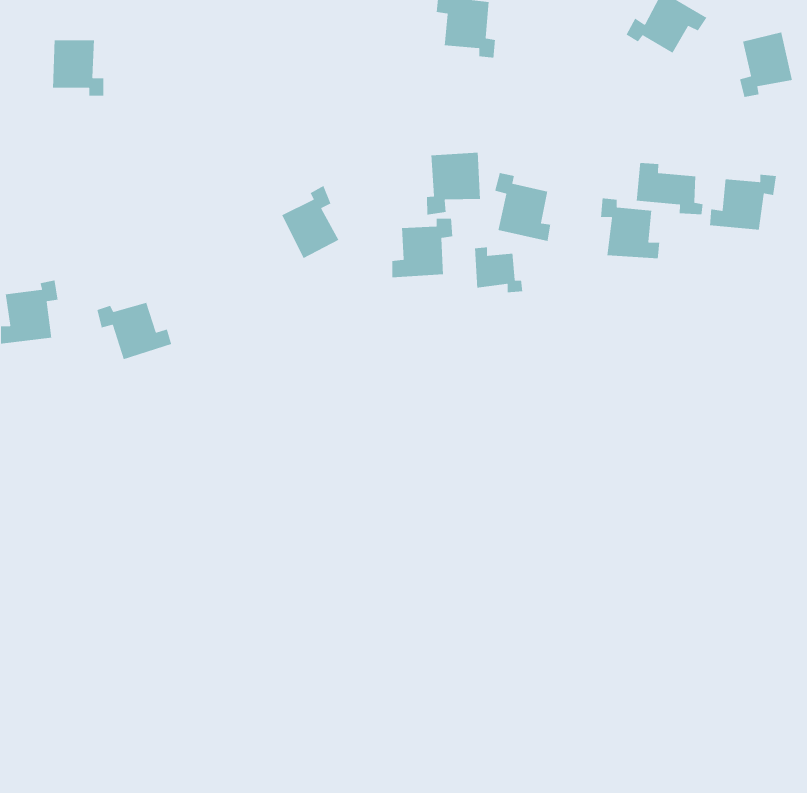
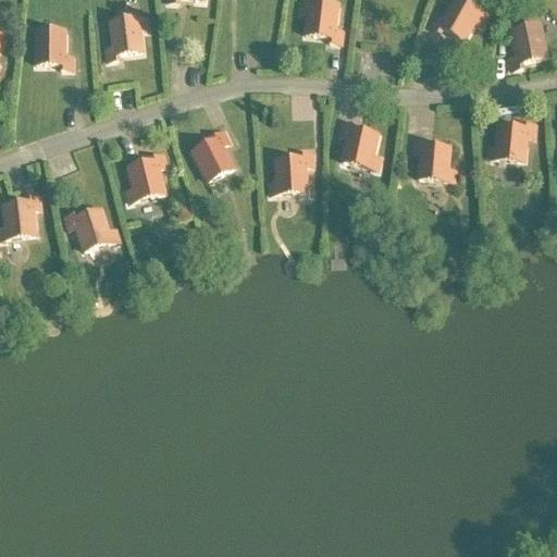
building: none -> [107,14,148,59]
building: [426,152,481,215] -> none
building: [636,162,703,215] -> none
building: none -> [126,151,165,199]
building: [474,247,523,293] -> none

